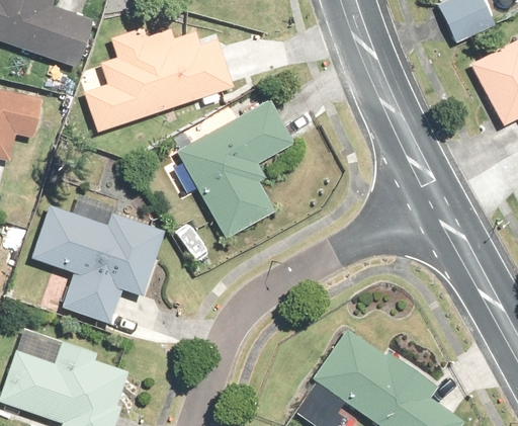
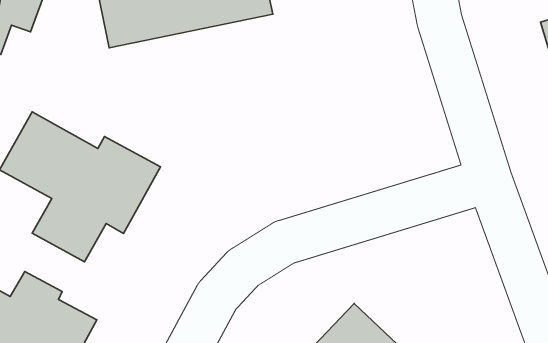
building: [176,95,297,240] -> none

